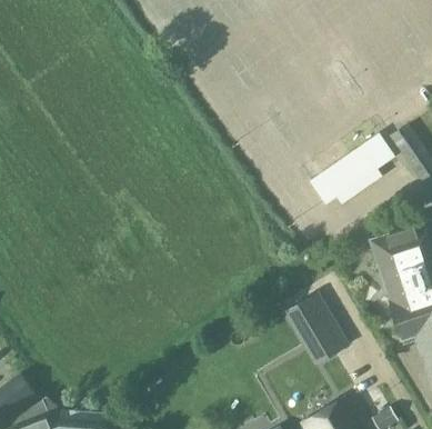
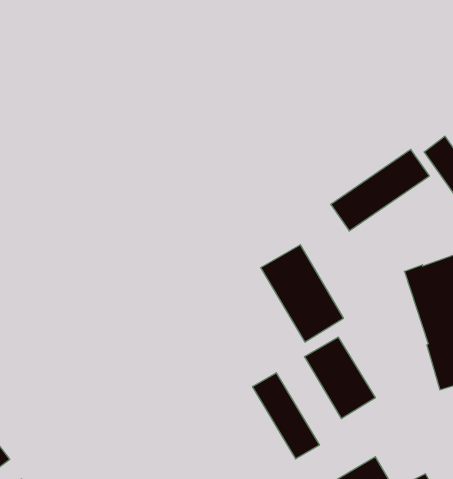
building: none -> [261,245,343,342]
building: none -> [253,373,319,459]

